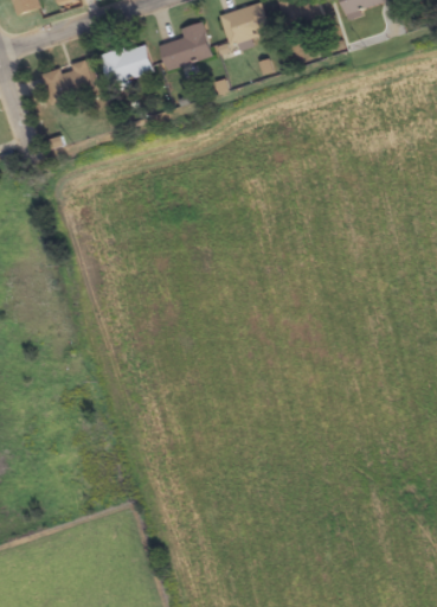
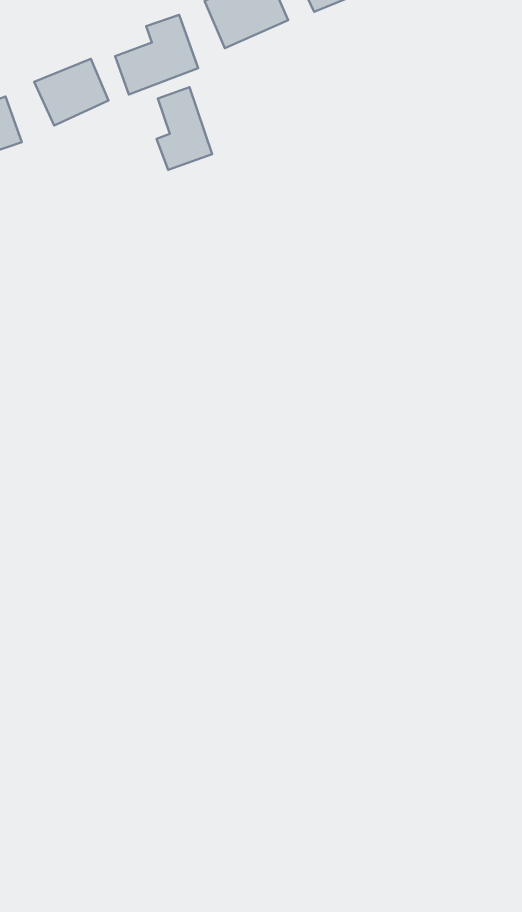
building: none -> [156,87,212,170]

